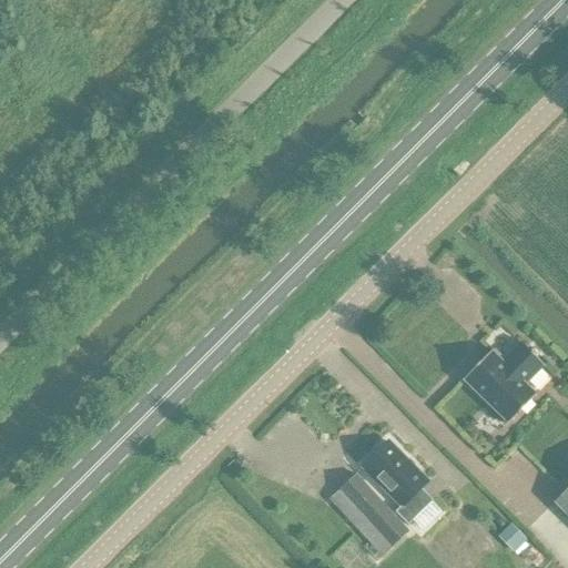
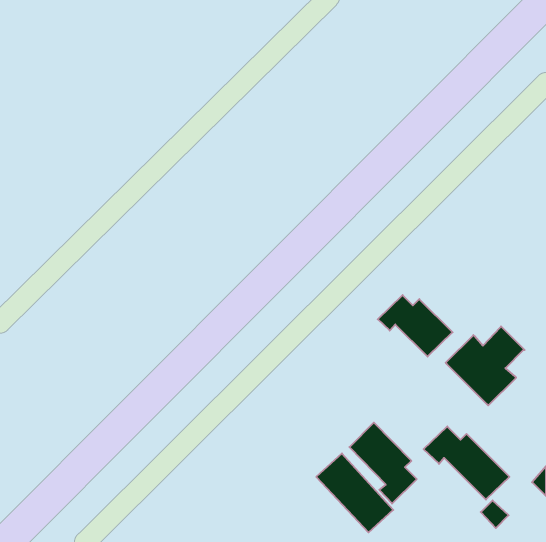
building: none -> [378,295,453,357]
building: none -> [424,426,509,500]

